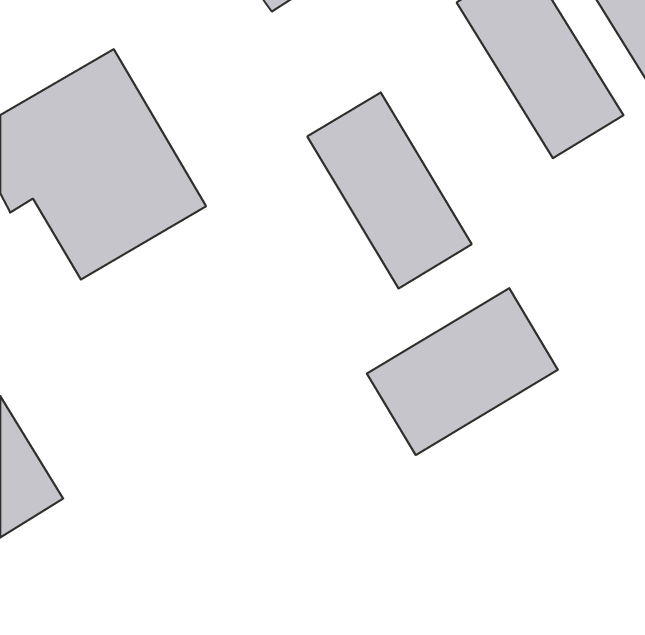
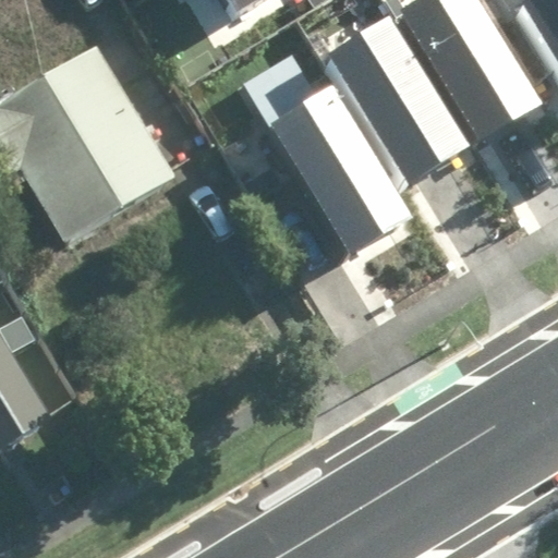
building: none -> [324,11,466,179]
building: [367,288,558,455] -> none

